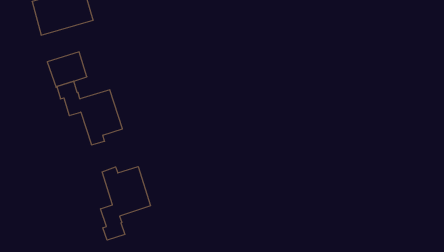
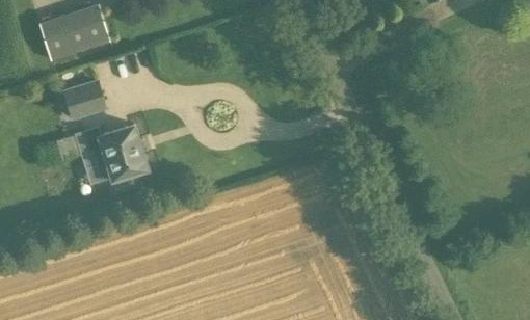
building: [101,167,151,240] -> none

